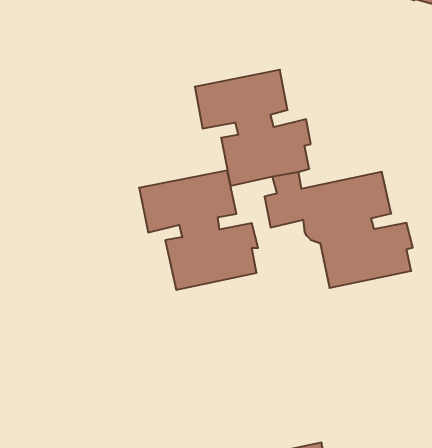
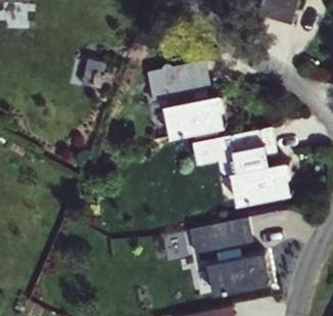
building: [139,171,258,290] -> [189,219,268,298]

